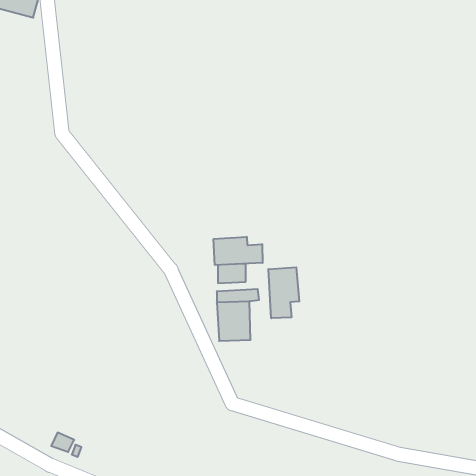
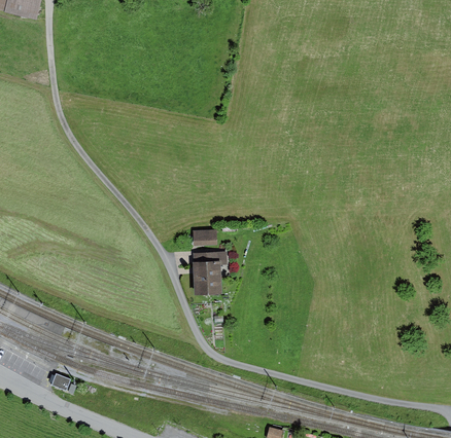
building: [214,237,263,265] -> none
building: [268,267,299,318] -> none

